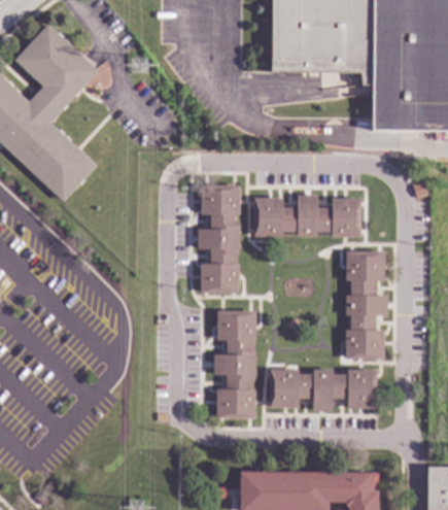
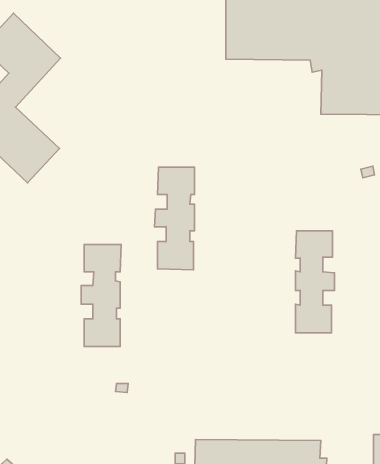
building: [253,196,360,237] -> none
building: [213,311,255,418] -> [81,245,121,346]
building: [269,369,376,411] -> none

